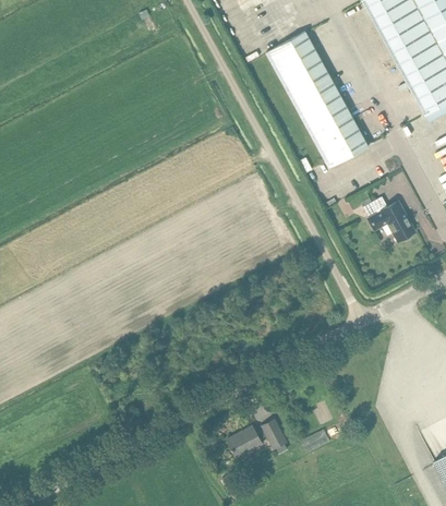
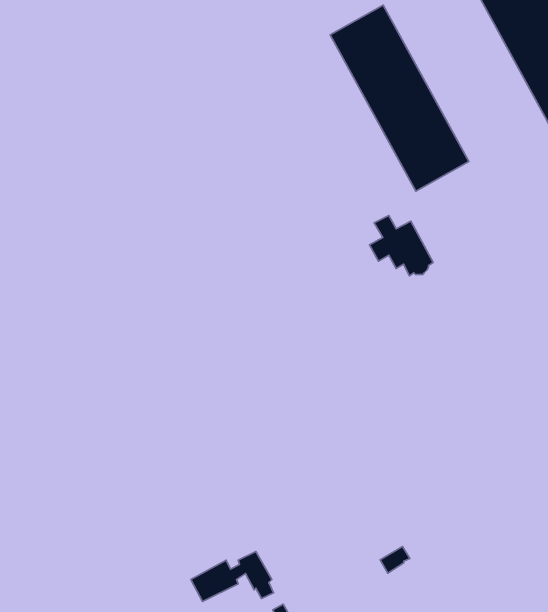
building: [367,196,414,241] -> [370,215,433,276]
building: [226,419,287,456] -> [191,551,273,602]

